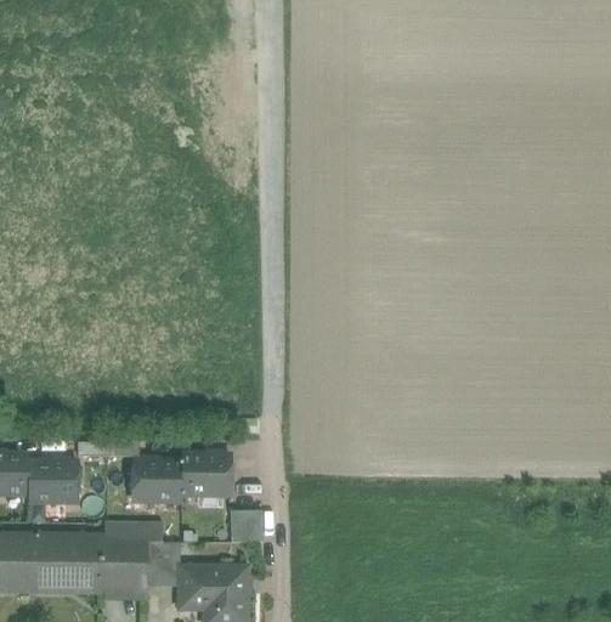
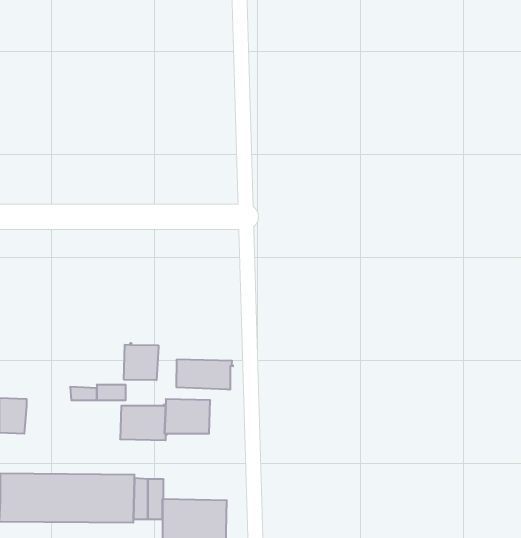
building: none -> [124,343,158,380]
building: none -> [177,359,233,390]
building: [28,462,78,501] -> none
building: [231,509,262,542] -> none

